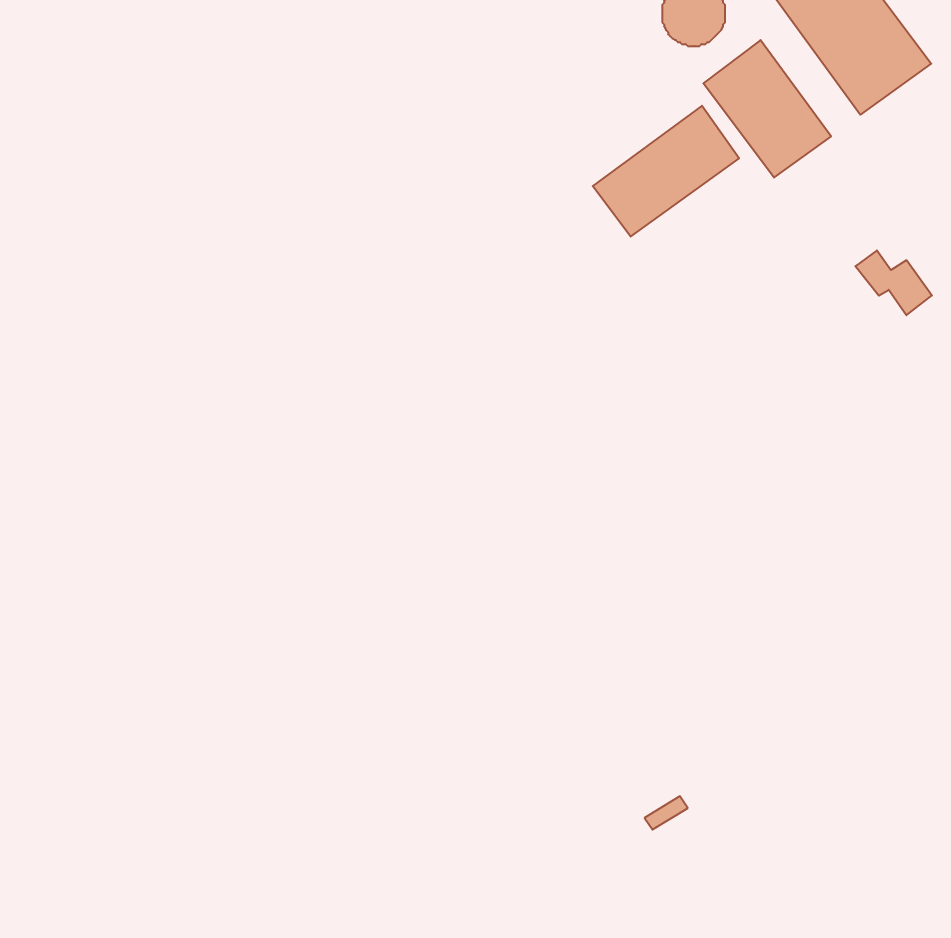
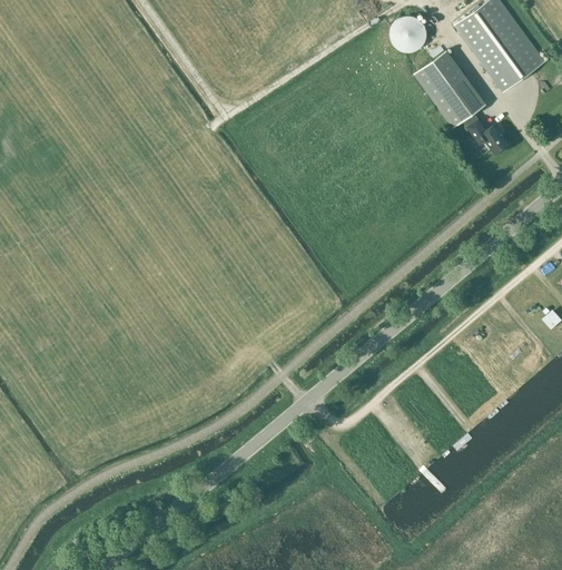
building: [593,106,739,237] -> none
building: [855,250,932,315] -> [466,118,510,155]

